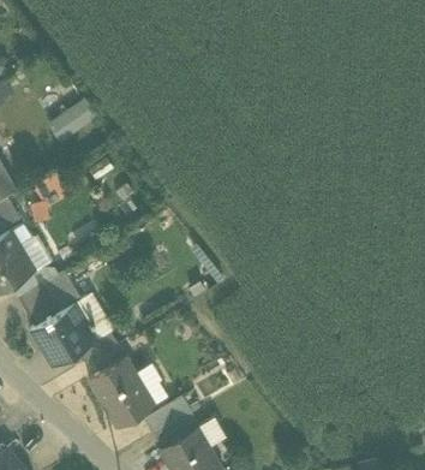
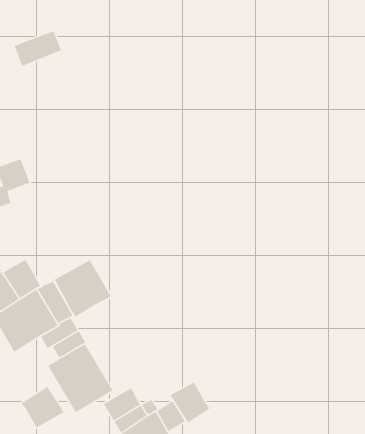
building: [48,100,97,137] -> [13,30,62,67]
building: none -> [53,259,112,318]
building: none -> [170,382,211,424]
building: none -> [20,386,65,428]

